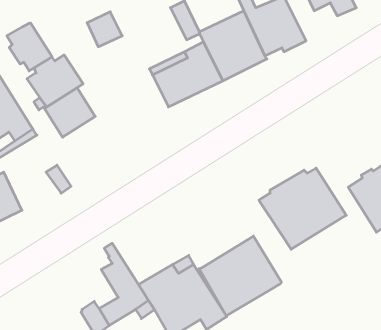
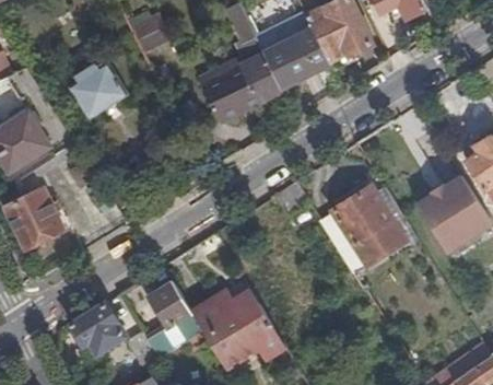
building: [7,23,52,71] -> none
building: [45,88,95,137] -> none
building: [199,236,281,316] -> none
building: none -> [68,303,125,354]

